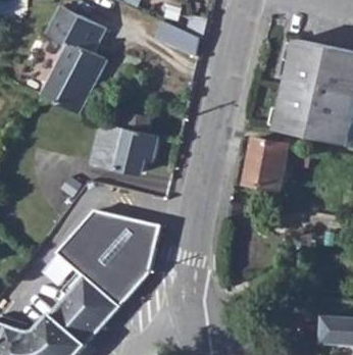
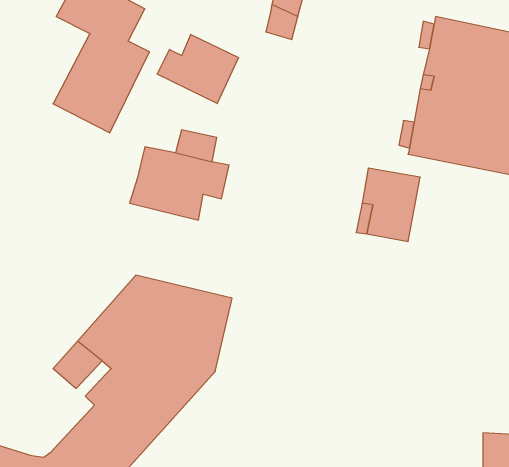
building: none -> [157,34,239,104]

